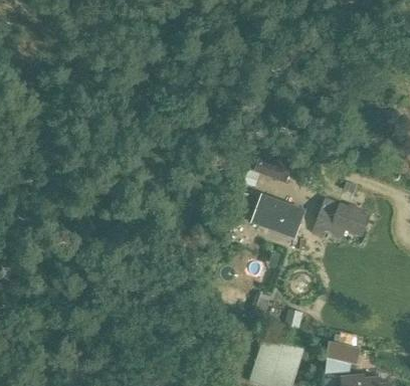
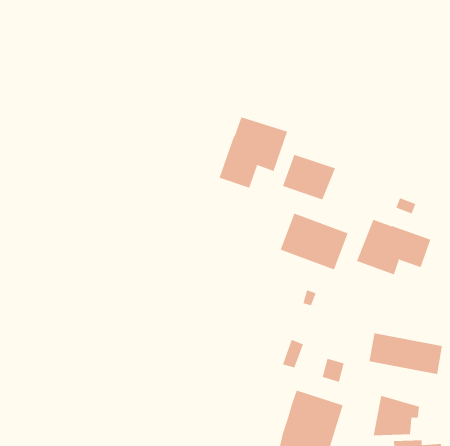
building: none -> [219,116,288,189]
building: none -> [369,333,443,375]

